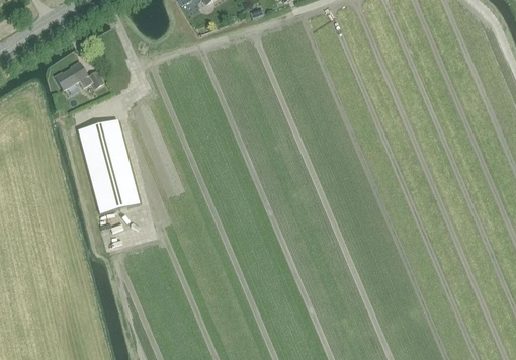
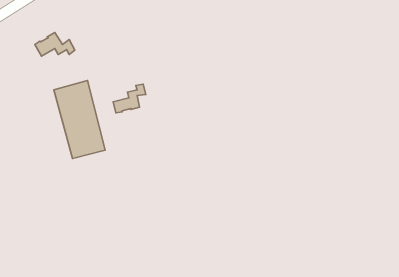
building: none -> [113,84,146,113]

